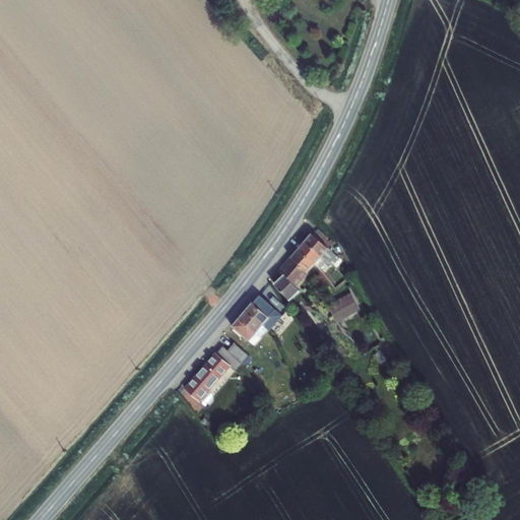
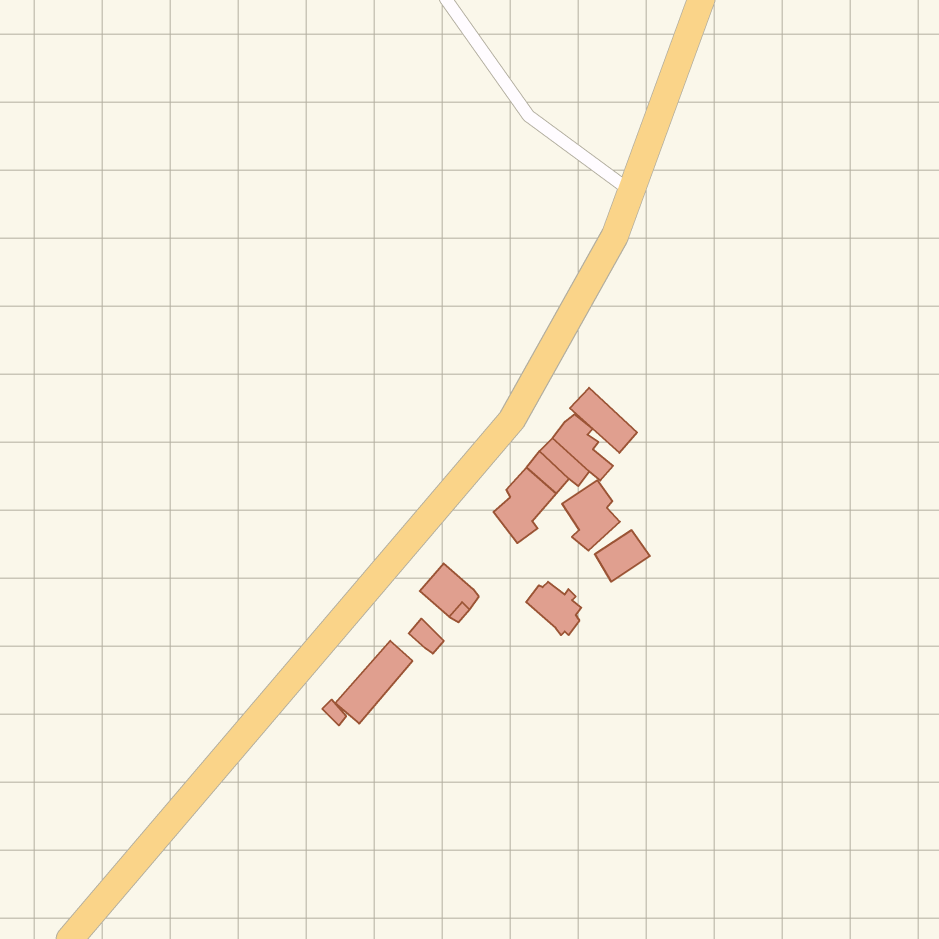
building: none -> [570,388,637,453]
building: none -> [562,480,620,551]
building: [245,300,275,329] -> [526,582,581,635]

